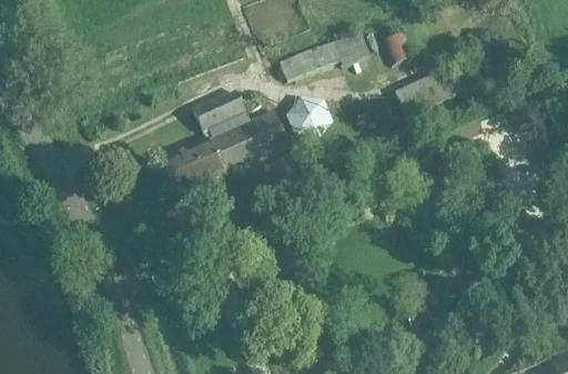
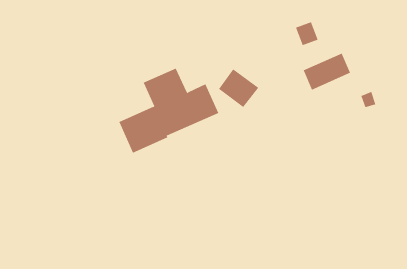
building: [277,31,368,81] -> none

